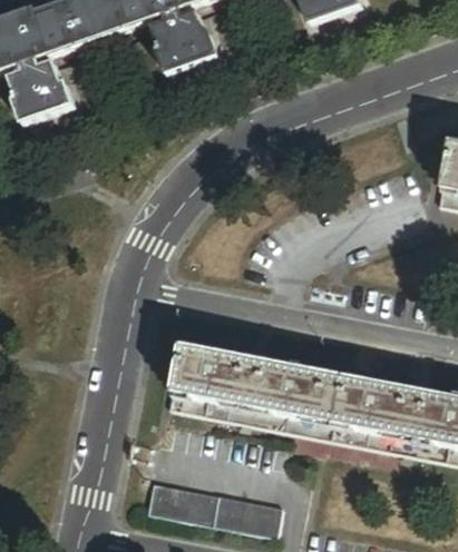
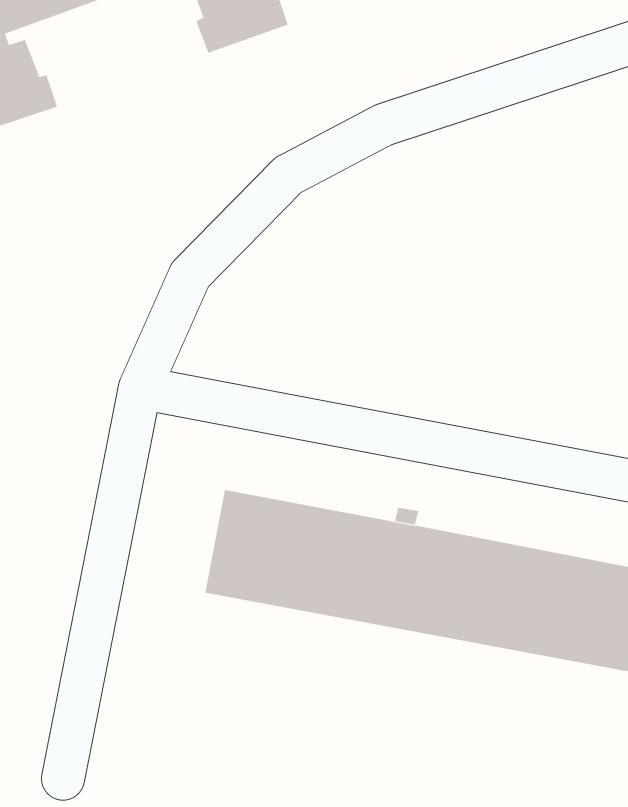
building: [142,481,276,534] -> none

